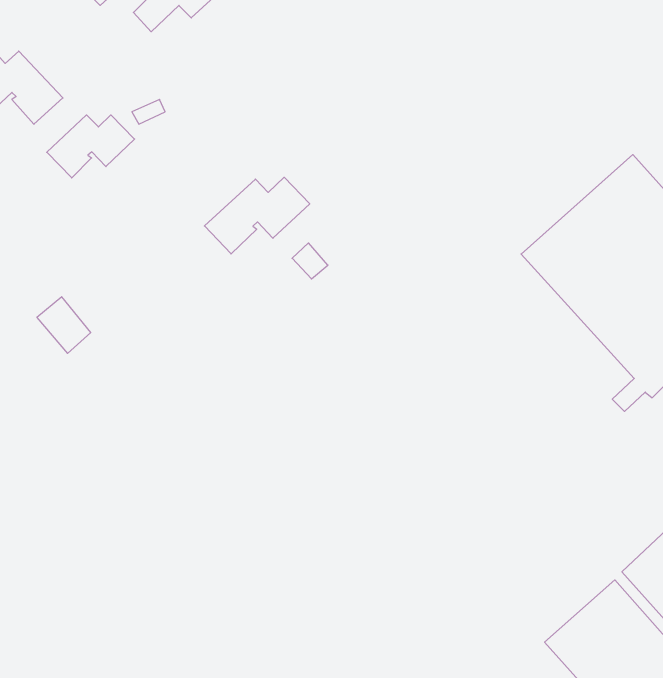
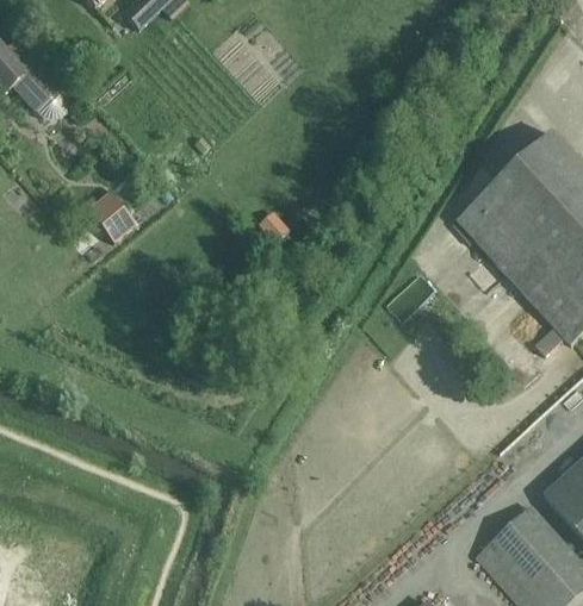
building: [47,115,135,178] -> none
building: [204,177,310,254] -> none
building: [37,297,91,353] -> [86,193,132,242]

